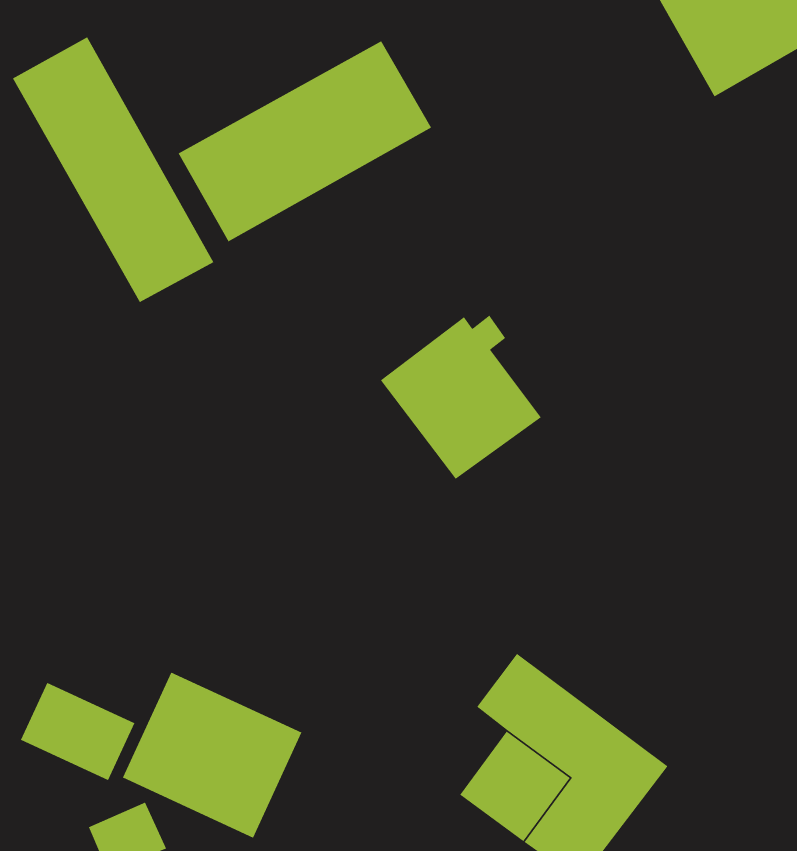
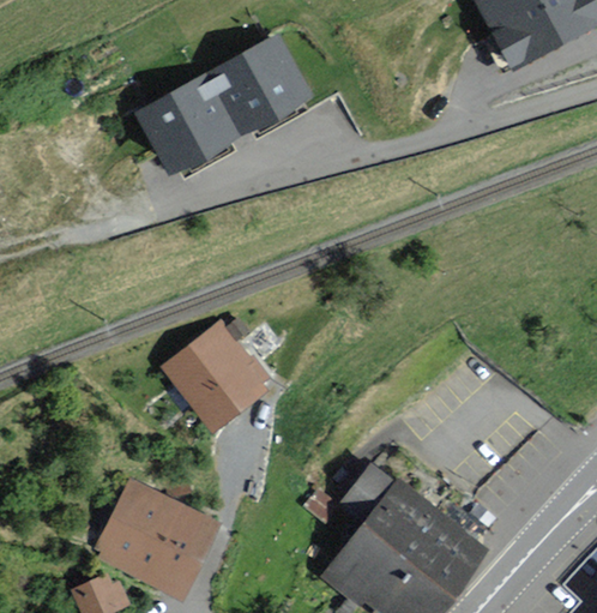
building: [12,36,215,303] -> none
building: [380,314,542,480] -> [163,315,278,433]
building: [20,682,136,781] -> none

